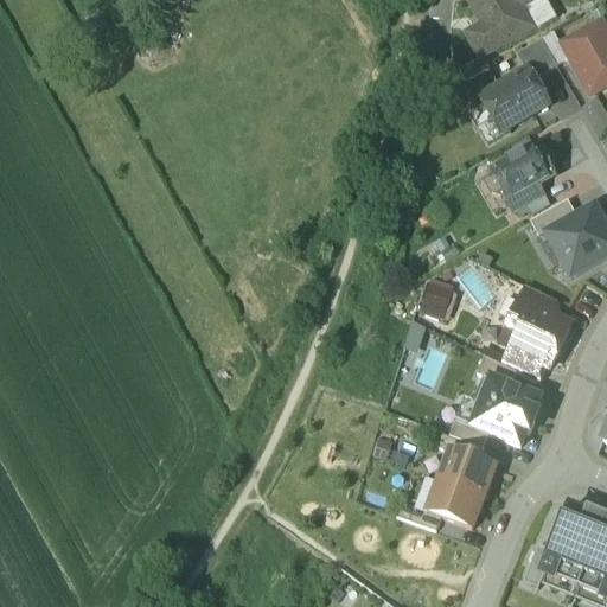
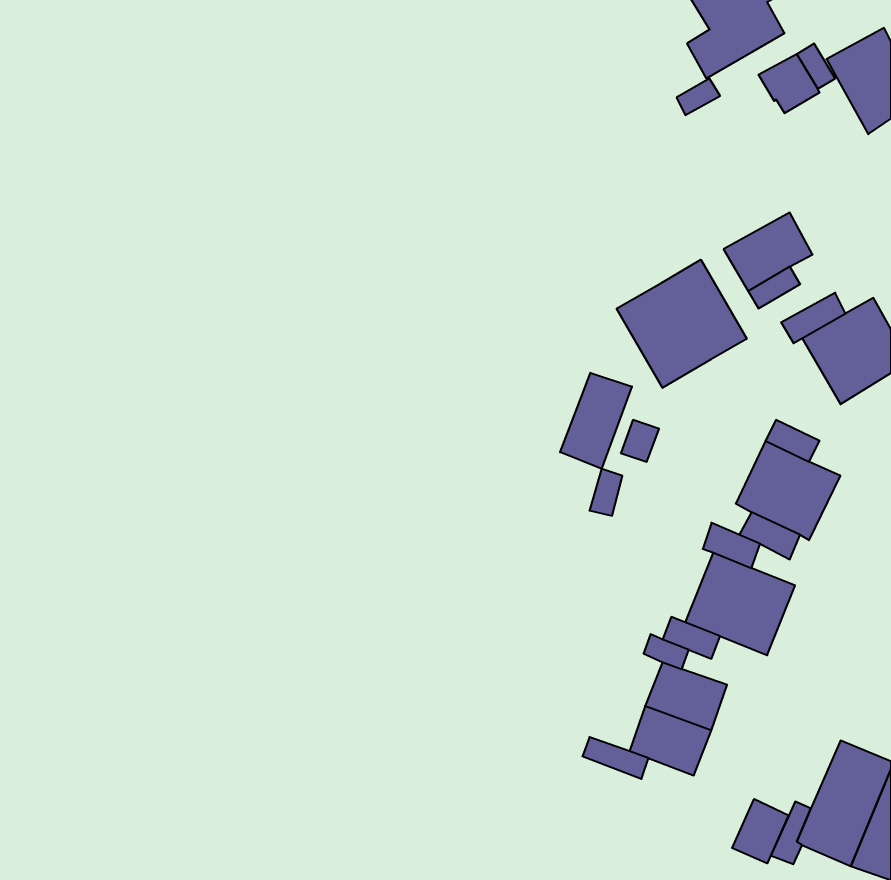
building: [481,68,548,123] -> none
building: none -> [617,260,747,388]
building: none -> [560,373,632,469]
building: none -> [732,799,789,863]

